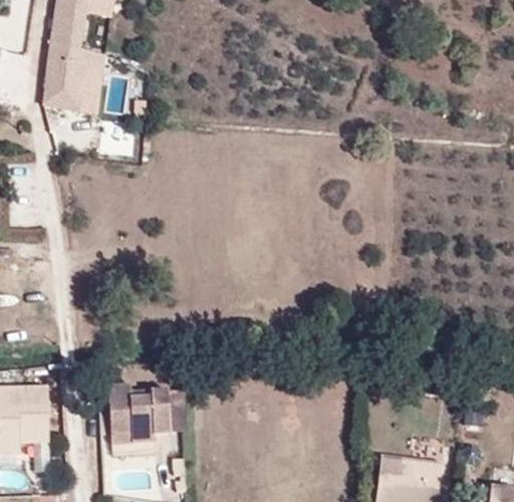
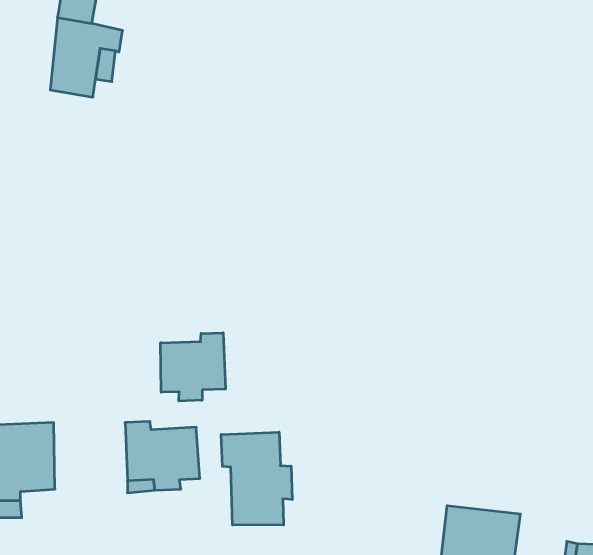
building: none -> [161,333,225,401]
building: none -> [221,432,292,525]

